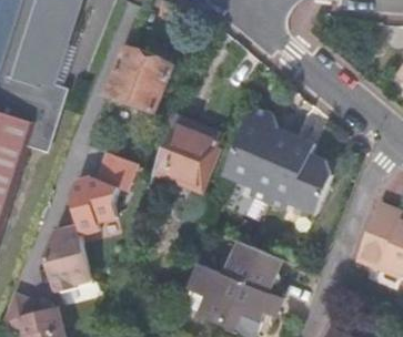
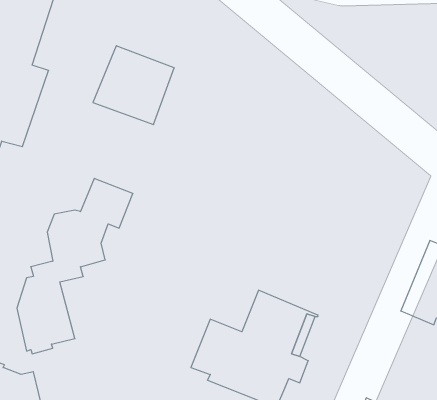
building: [221,106,330,215] -> none
building: [153,116,220,190] -> none

